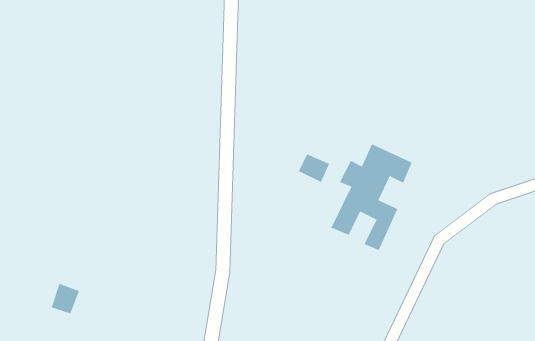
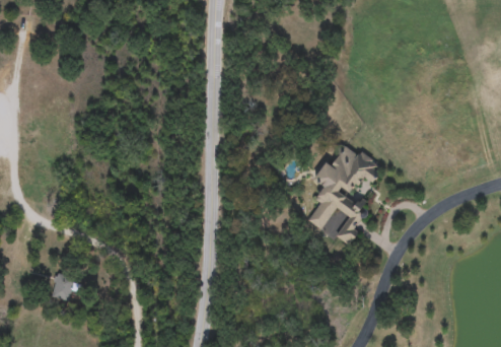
building: [298,154,330,183] -> none

